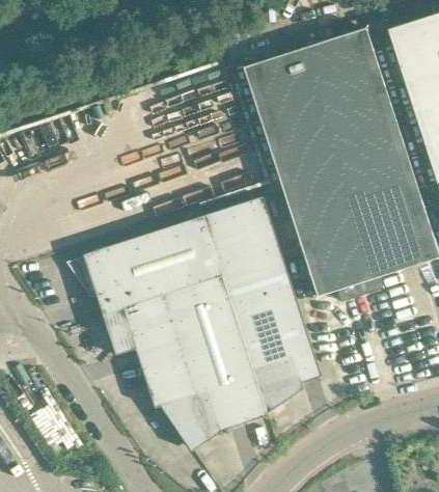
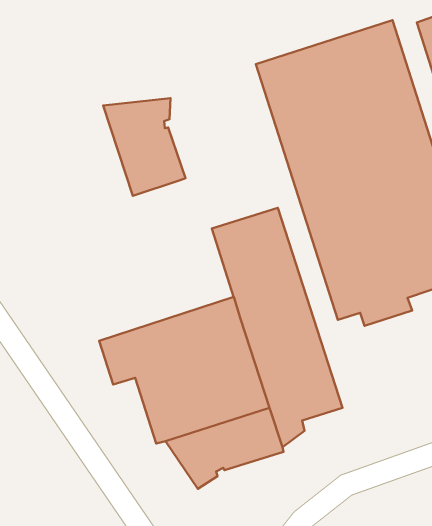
building: none -> [103,98,185,196]
building: [68,215,223,316] -> none

